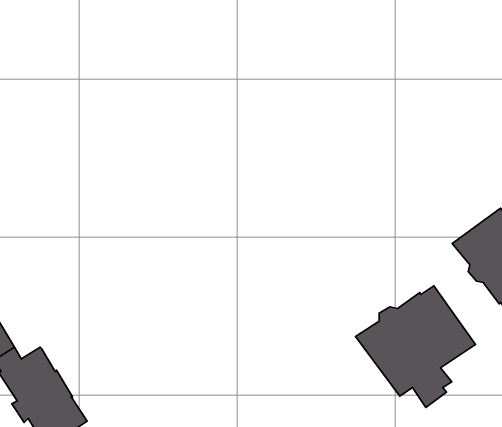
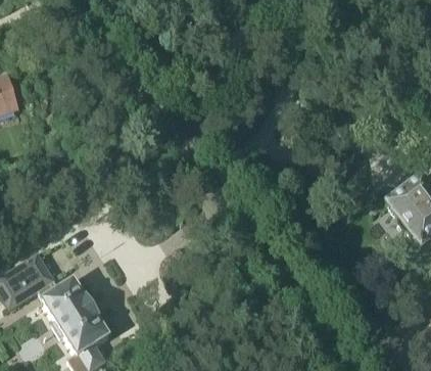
building: [355,286,475,407] -> none

